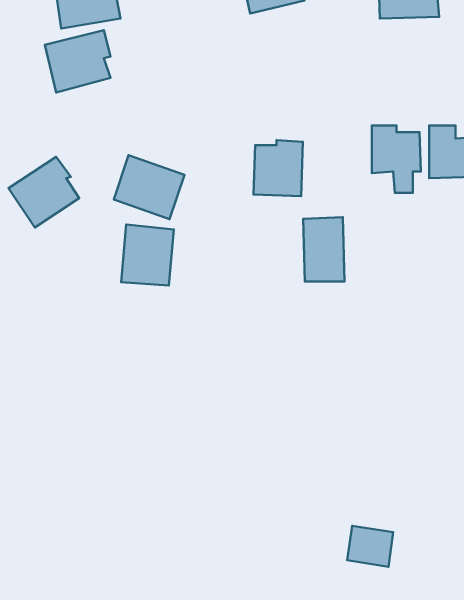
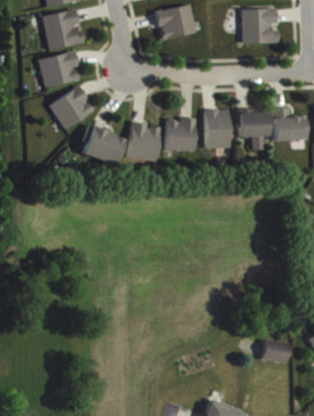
building: [9,157,79,228] -> [49,86,92,129]
building: [303,217,344,281] -> [205,109,230,148]
building: [121,225,174,285] -> [127,123,160,160]
building: [347,526,393,567] -> [262,339,290,364]

